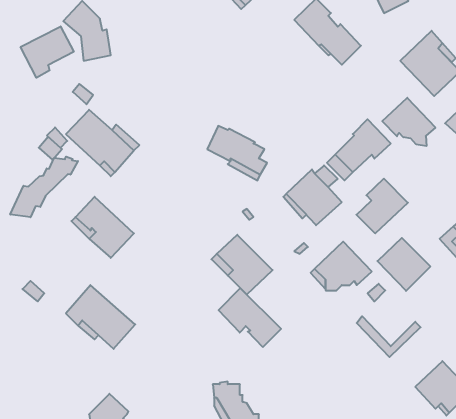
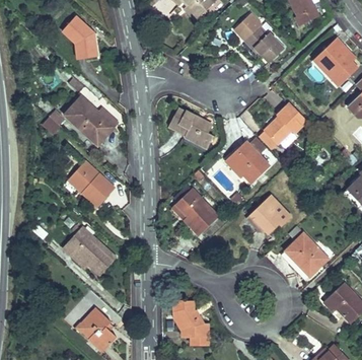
building: [21,26,74,78] -> none
building: [382,98,435,146] -> none
building: [10,157,78,217] -> none
building: [356,179,408,233] -> none
building: [377,238,430,291] -> [285,233,324,273]
building: [219,288,281,347] -> none

